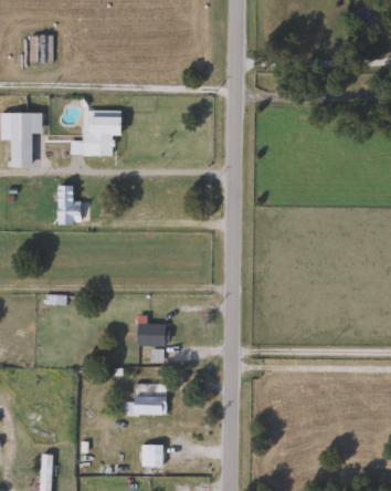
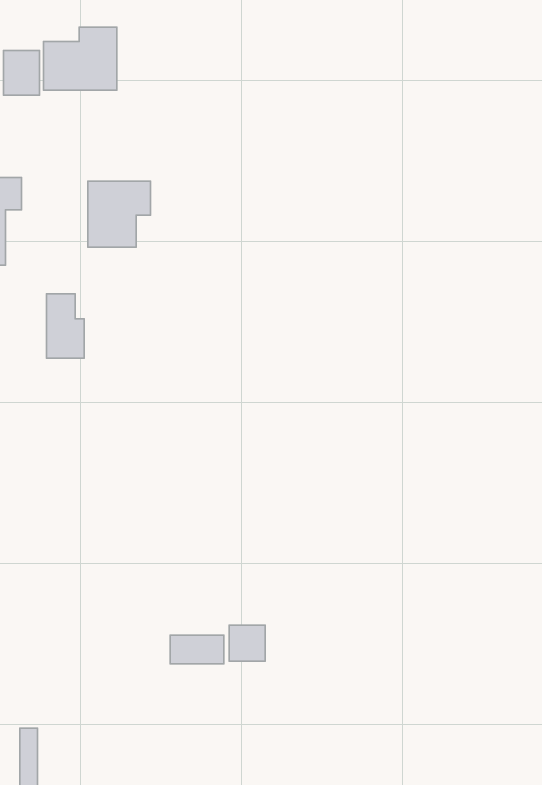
building: none -> [44,27,117,90]
building: [137,315,169,346] -> none
building: [141,443,163,466] -> [229,625,265,661]

